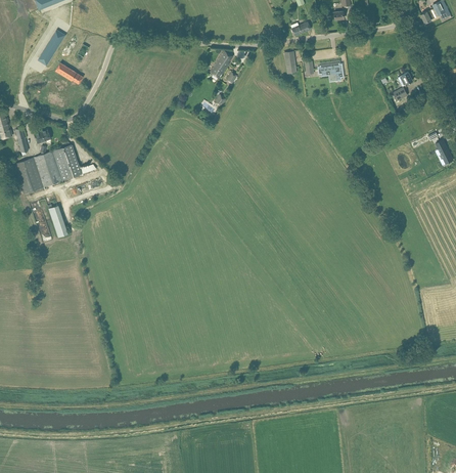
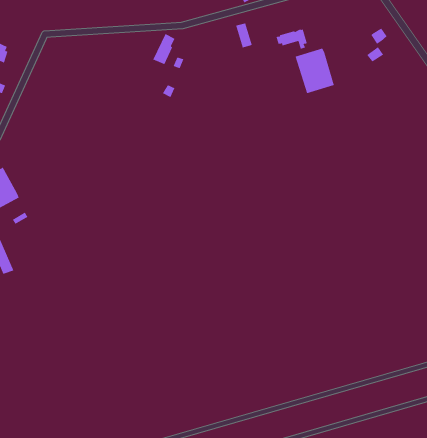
building: none -> [295,48,335,94]

